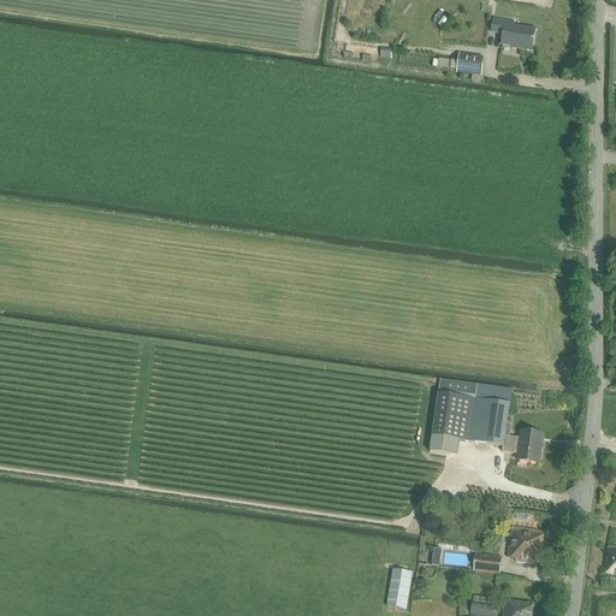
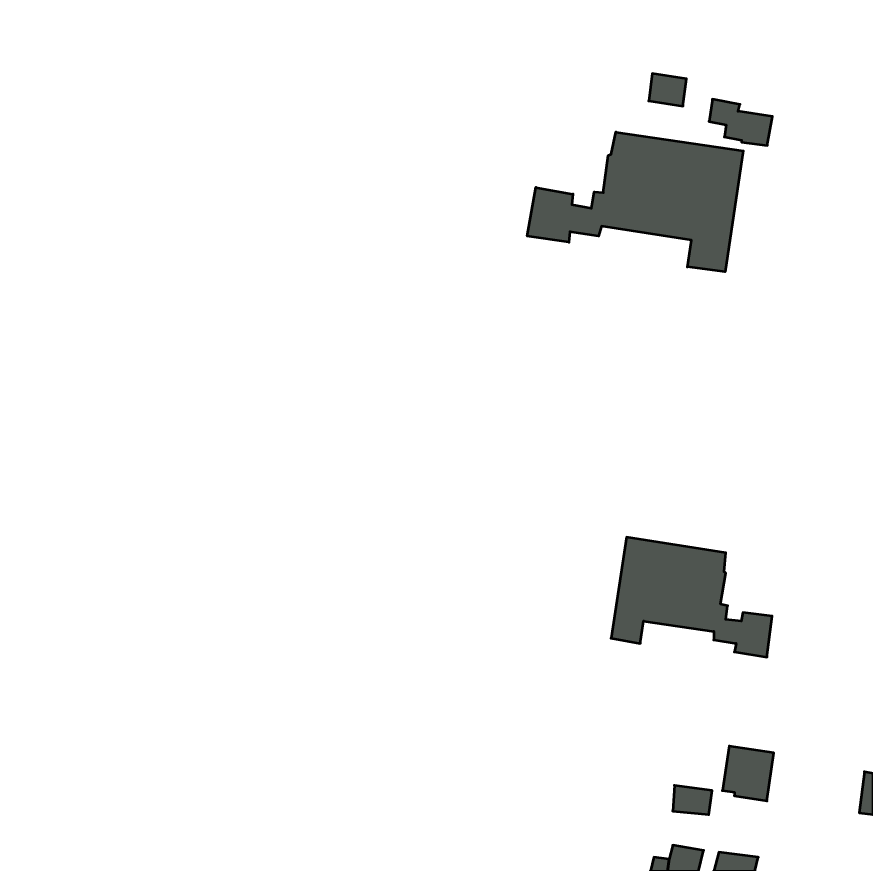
building: [490,16,534,48] -> [709,99,772,145]
building: none -> [527,132,743,272]
building: [386,569,410,608] -> none

